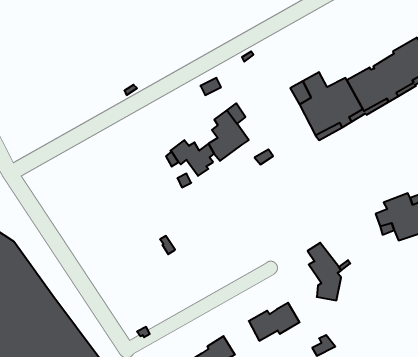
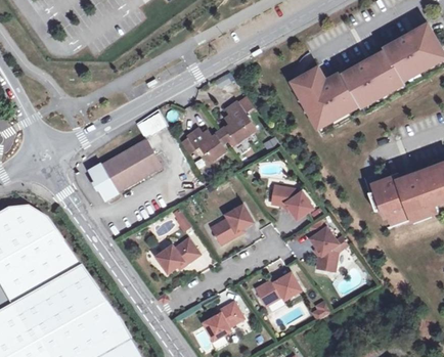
building: none -> [88,139,161,200]
building: none -> [270,186,312,219]
building: none -> [211,206,252,244]
building: none -> [157,239,199,273]

